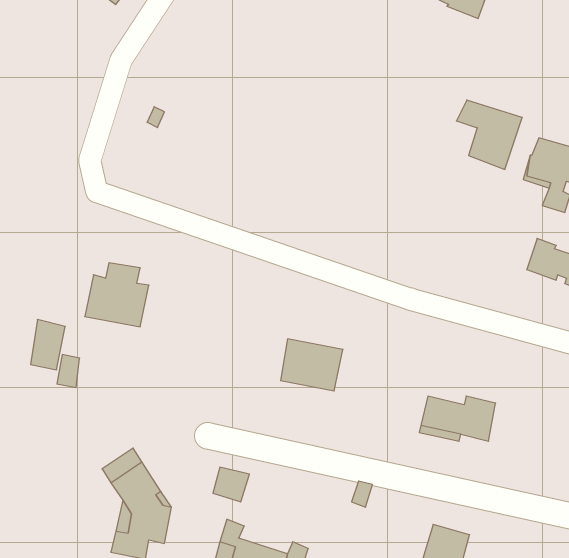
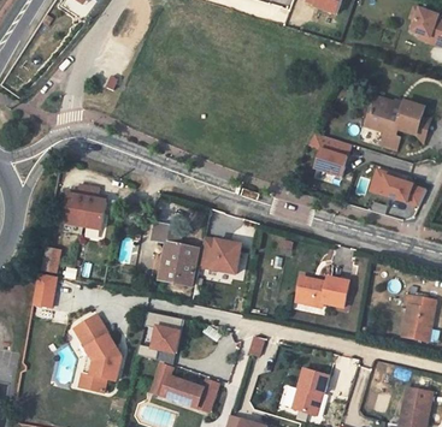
building: [456,100,522,169] -> [307,132,353,180]
building: [31,319,65,370] -> [31,272,55,307]
building: none -> [151,224,196,285]

